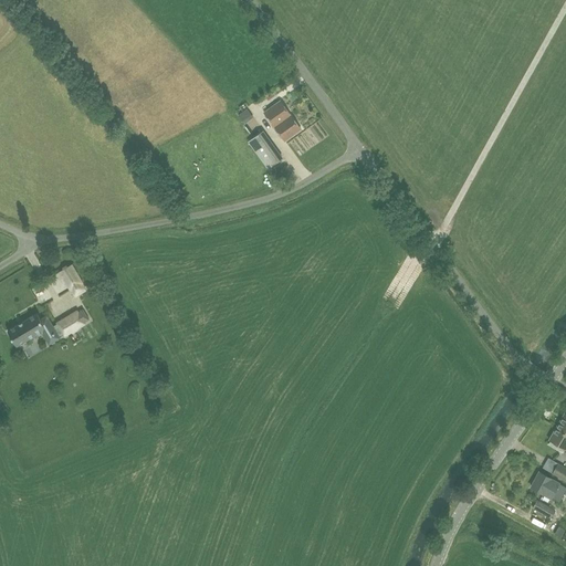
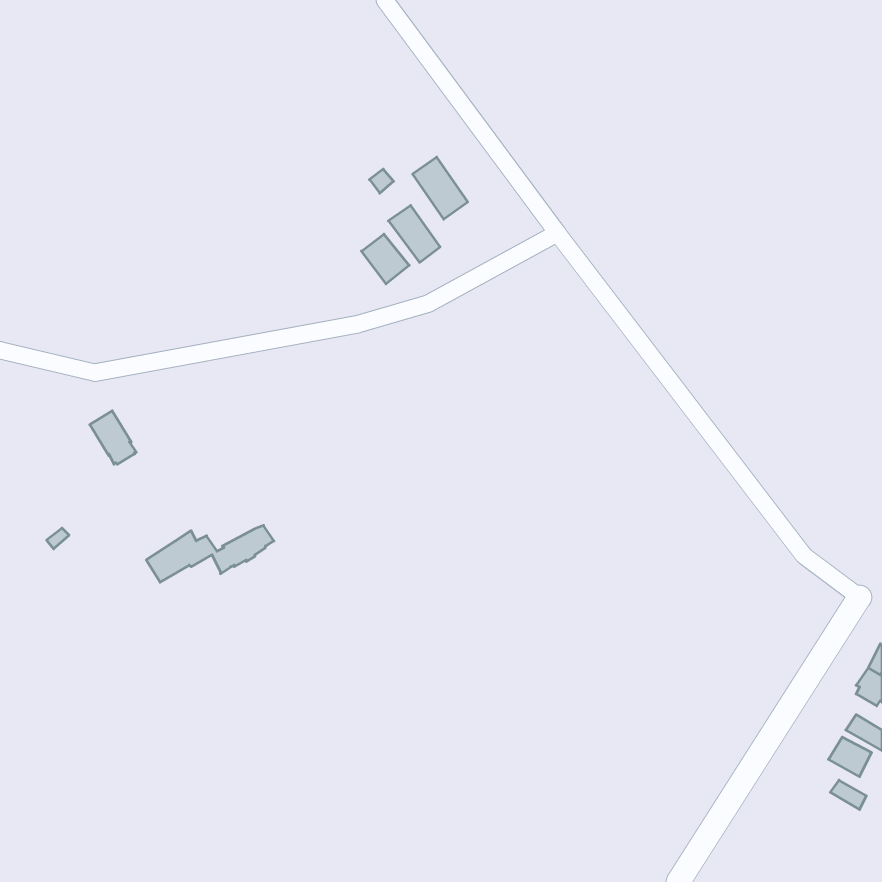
building: none -> [361,234,409,284]
building: [8,310,90,346] -> [146,525,274,582]

